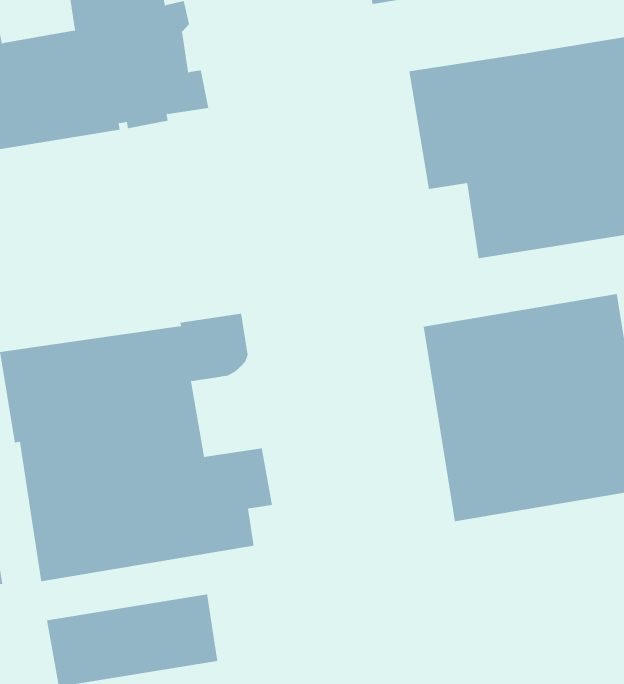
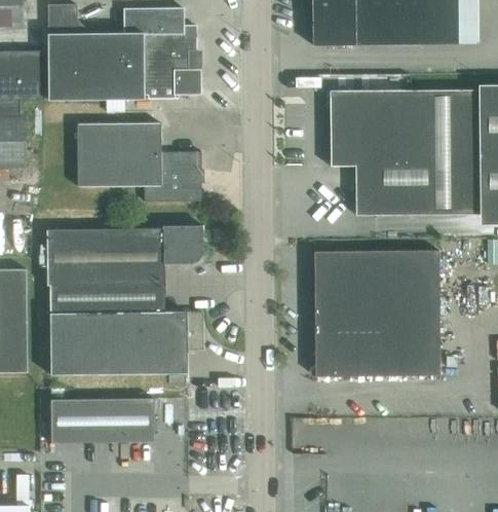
building: none -> [77,123,202,202]

